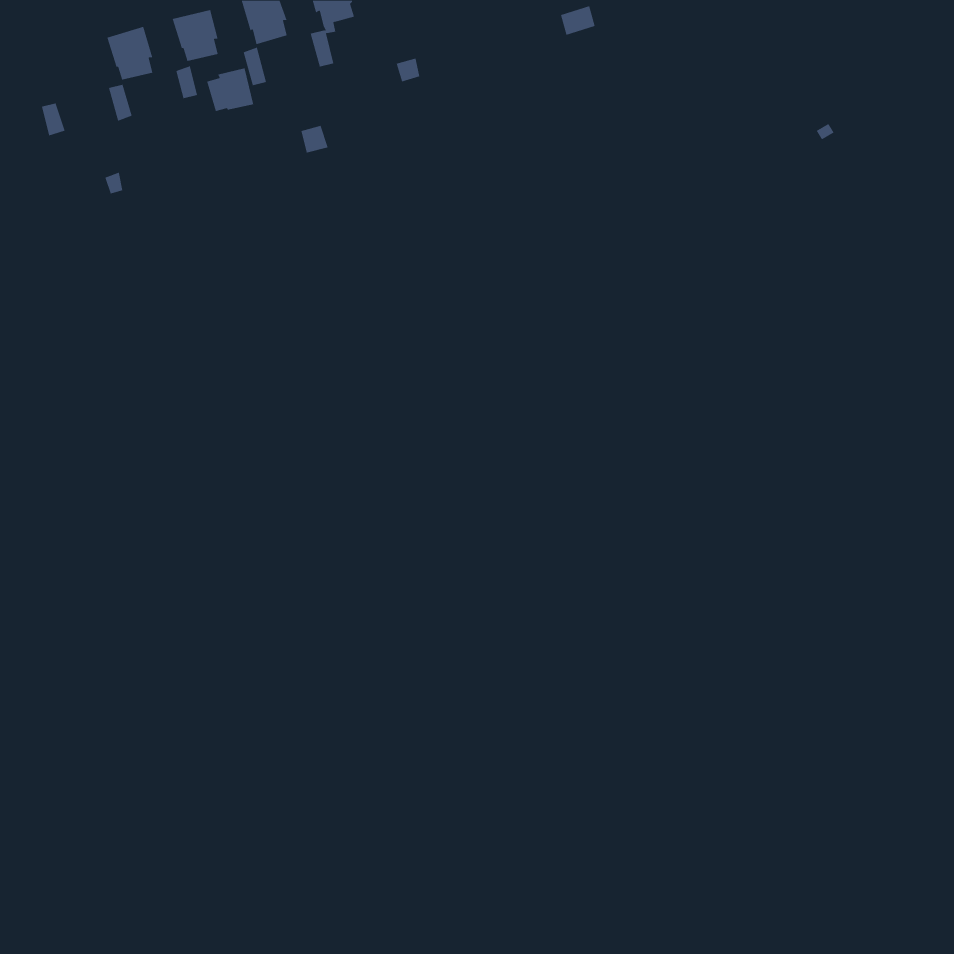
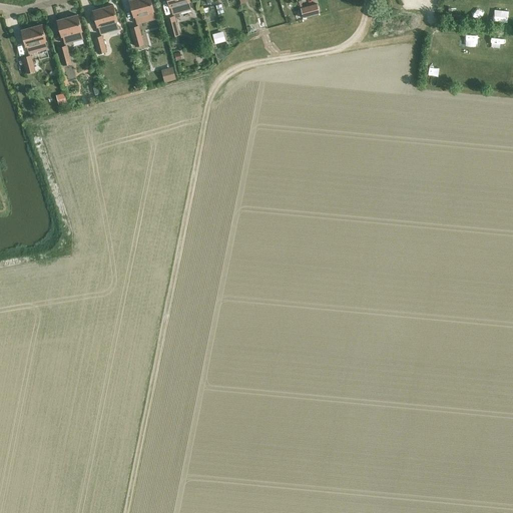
building: none -> [21,24,47,53]
building: [206,67,254,112] -> none

